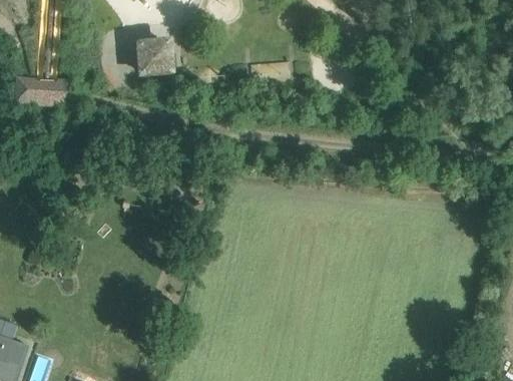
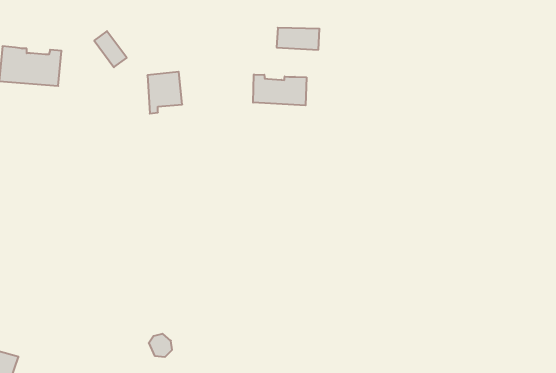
building: [140,39,170,75] -> [147,72,182,114]
building: none -> [253,74,306,105]

